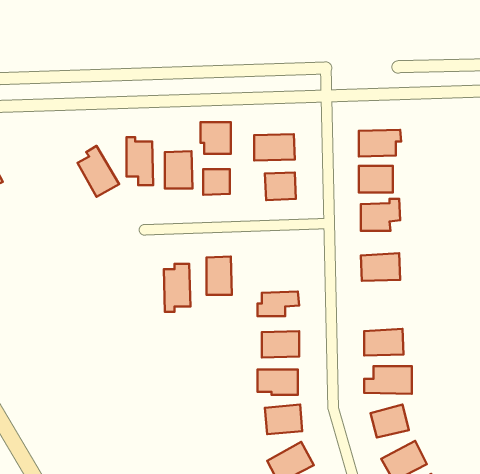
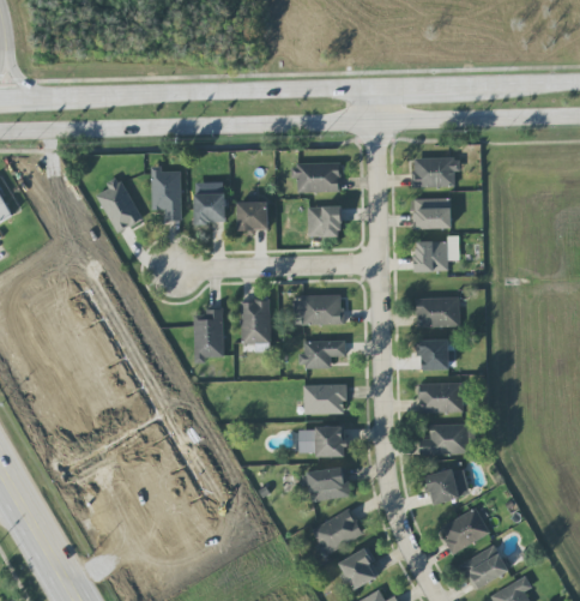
building: [200,122,231,154] -> none
building: none -> [292,295,343,325]
building: none -> [416,338,448,369]

